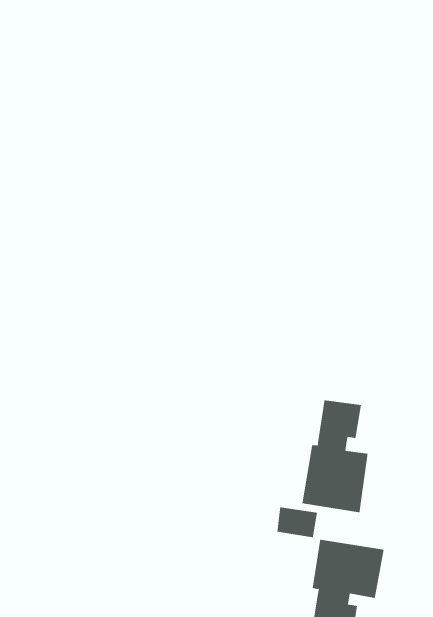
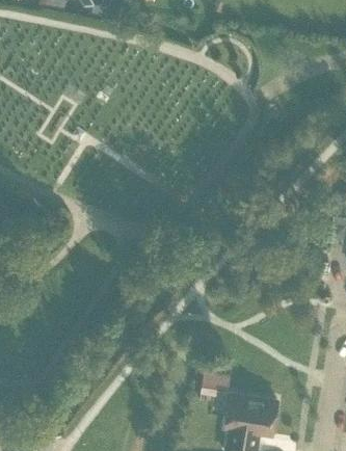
building: [302,400,368,513] -> none

